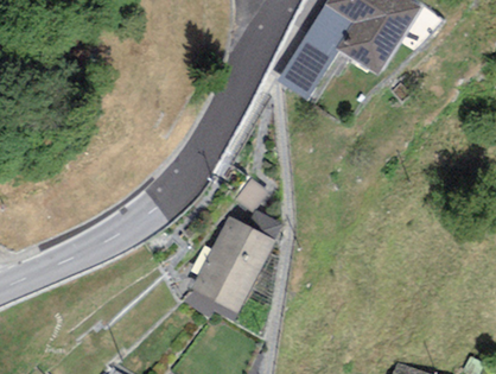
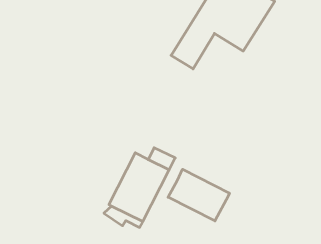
building: none -> [168,169,229,221]

